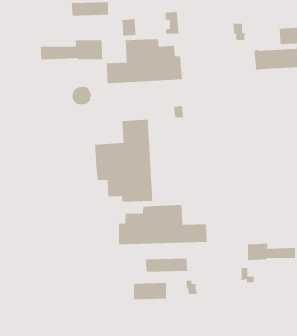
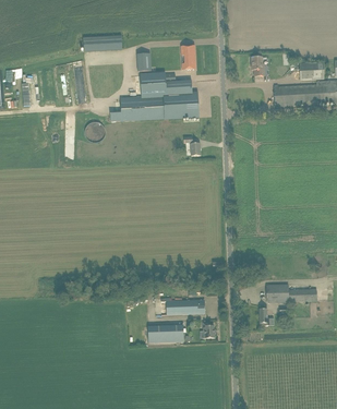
building: [40,39,103,60] -> none
building: [94,119,153,202] -> none
building: [118,204,207,245] -> none

